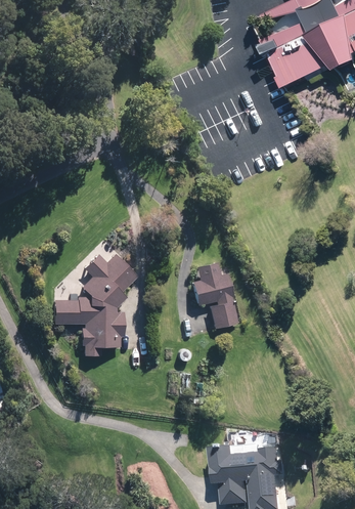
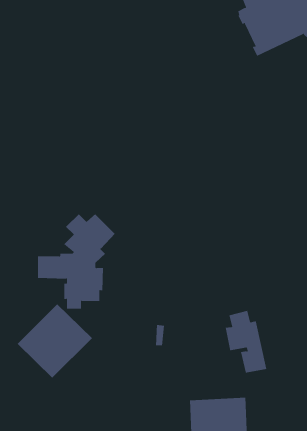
building: [193,261,238,328] -> [225,310,267,373]
building: none -> [17,303,93,378]

